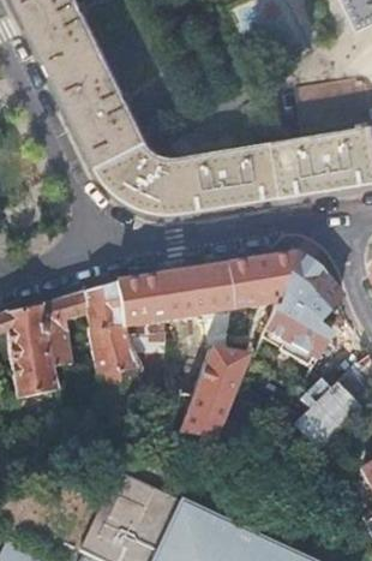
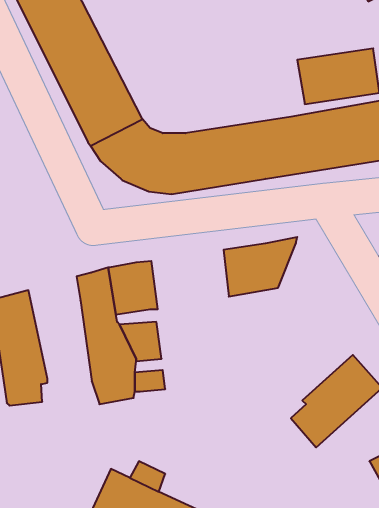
building: [253,253,340,386] -> none
building: [155,265,228,347] -> none
building: [38,291,88,388] -> none
building: [180,350,244,442] -> none

